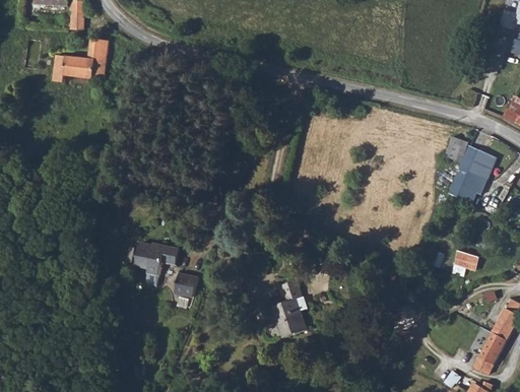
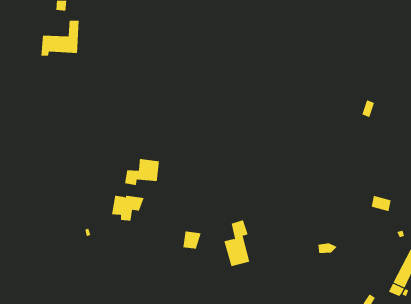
building: [446,142,495,203] -> none
building: none -> [125,158,160,186]
building: [177,278,200,301] -> [182,231,202,249]

